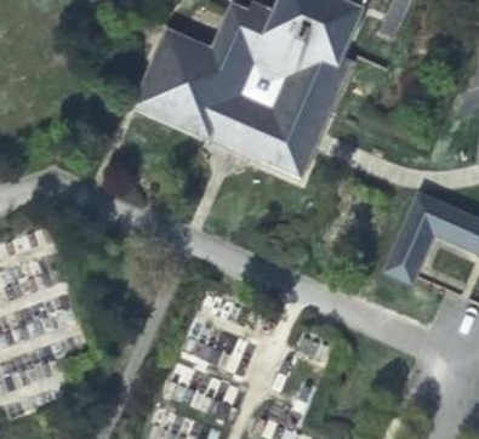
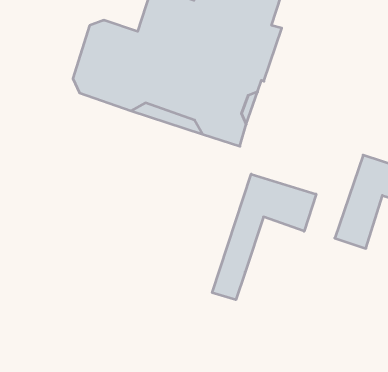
building: none -> [212,174,316,300]

